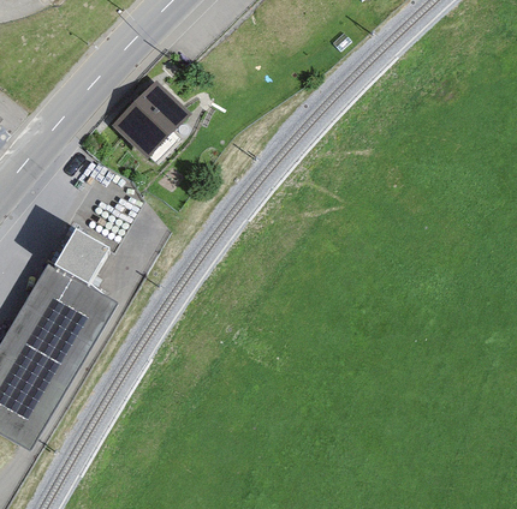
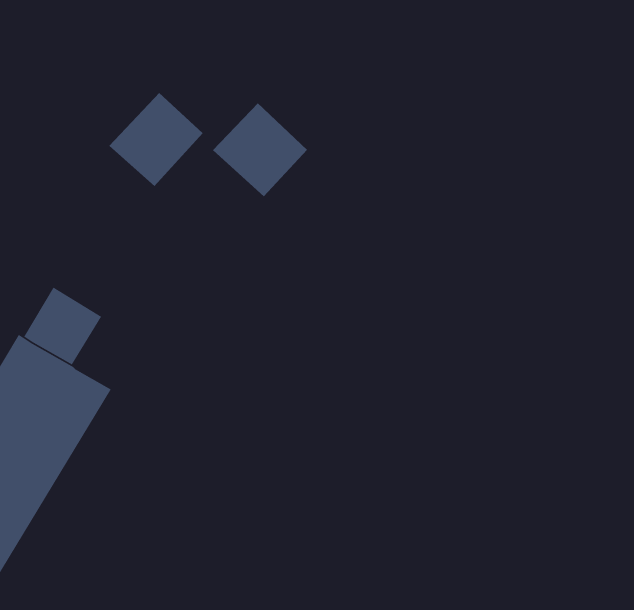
building: none -> [212,102,308,197]

